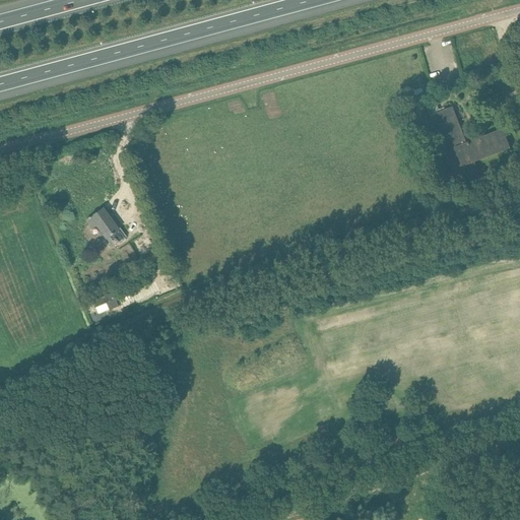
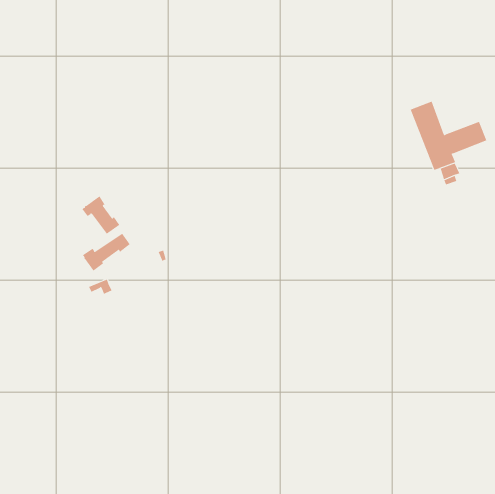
building: none -> [82,233,131,272]

